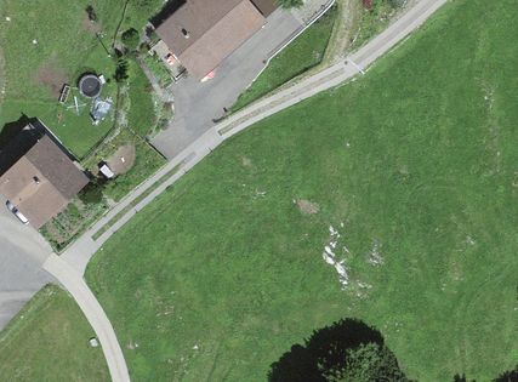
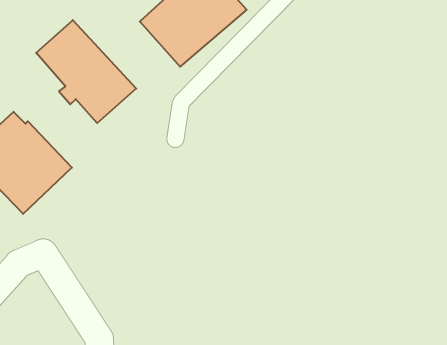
building: none -> [36,20,136,123]

